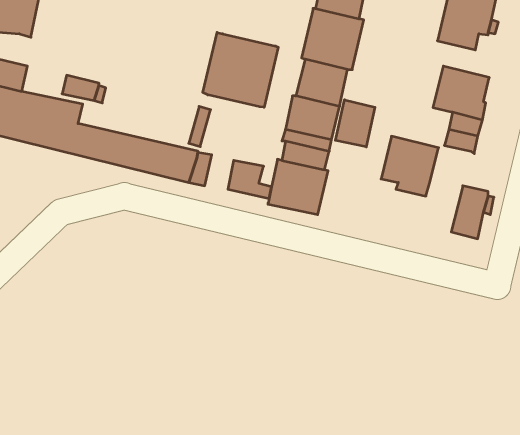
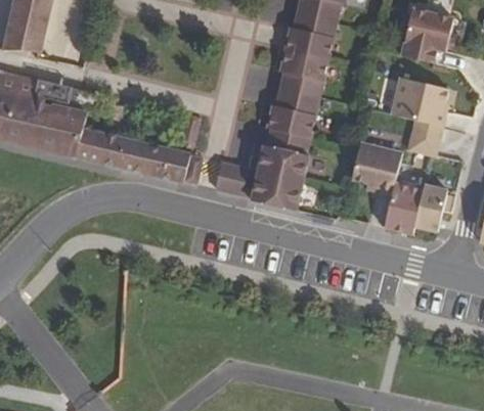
building: [203,32,278,107] -> none
building: [335,100,375,147] -> none
building: none -> [385,182,424,233]

